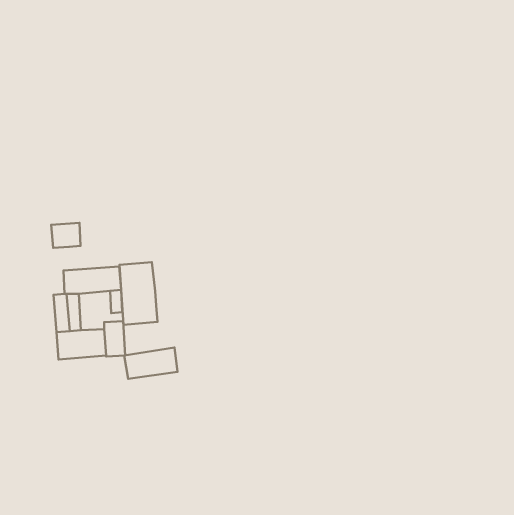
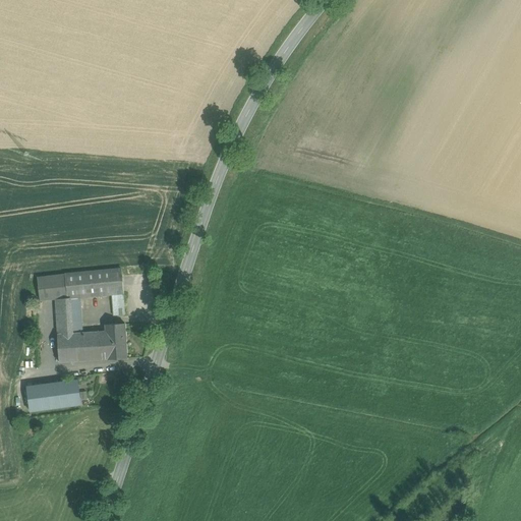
building: [51,223,80,248] -> [36,273,65,298]
building: [119,262,157,325] -> none
building: [124,348,178,379] -> [26,380,80,411]

